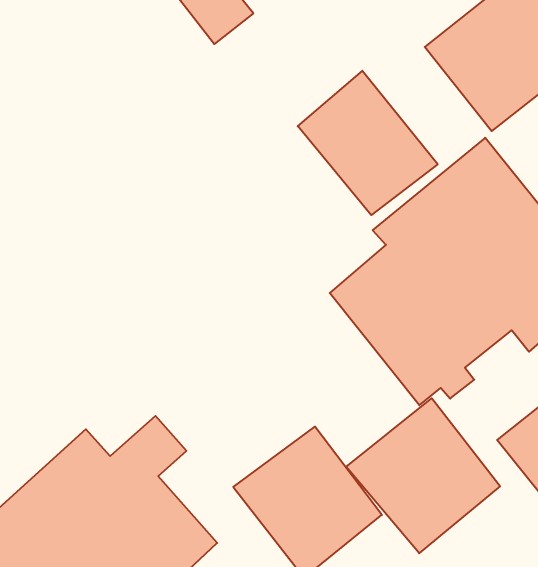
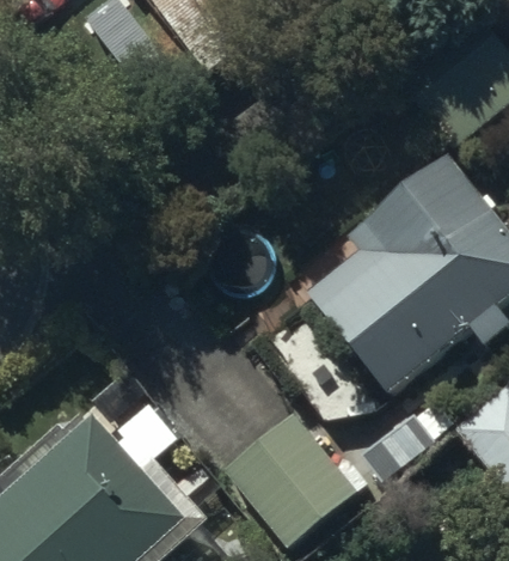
building: [298,71,438,215] -> none
building: [346,398,500,553] -> none

